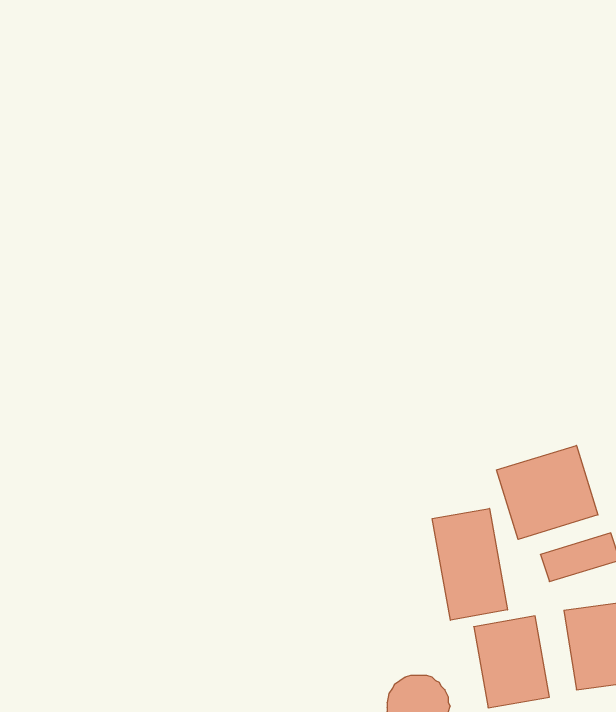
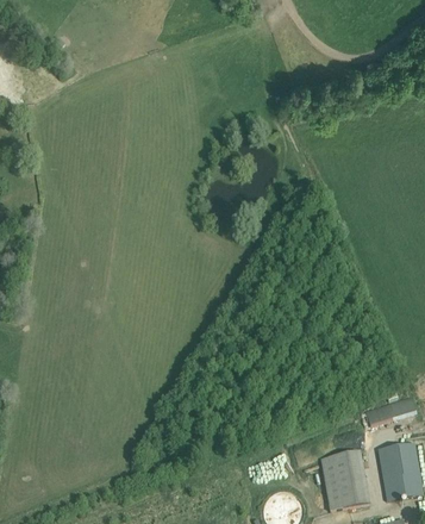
building: [497,445,598,539] -> none
building: [432,508,507,620] -> none

